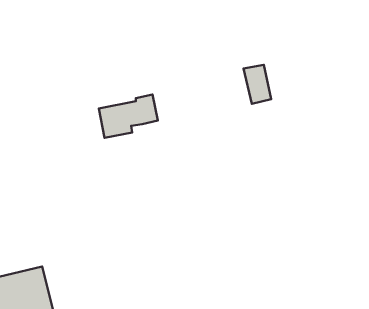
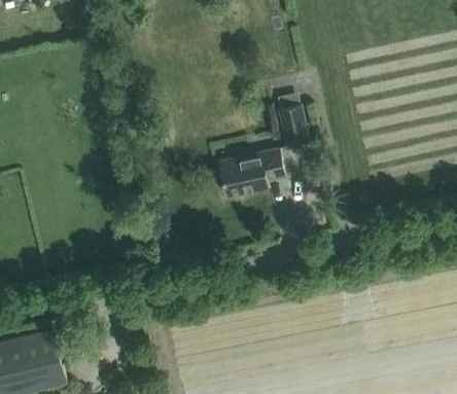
building: [99,95,158,138] -> [218,148,284,196]

